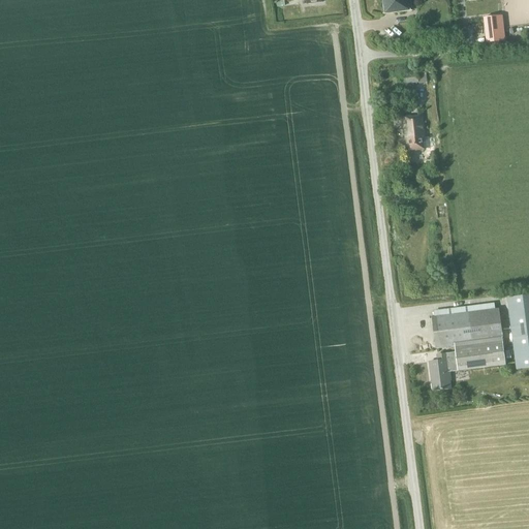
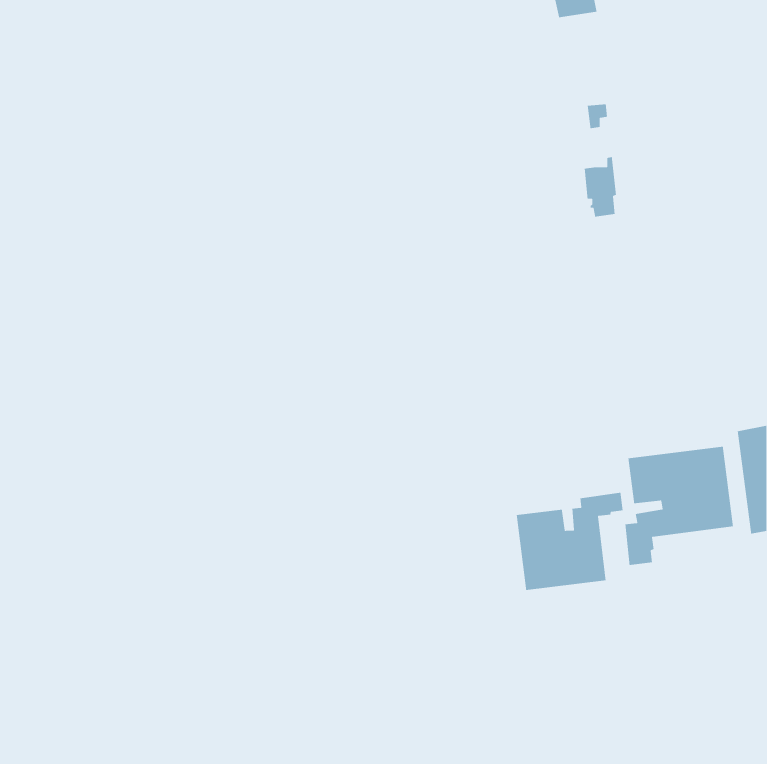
building: [484,14,505,41] -> none
building: none -> [516,492,624,591]

